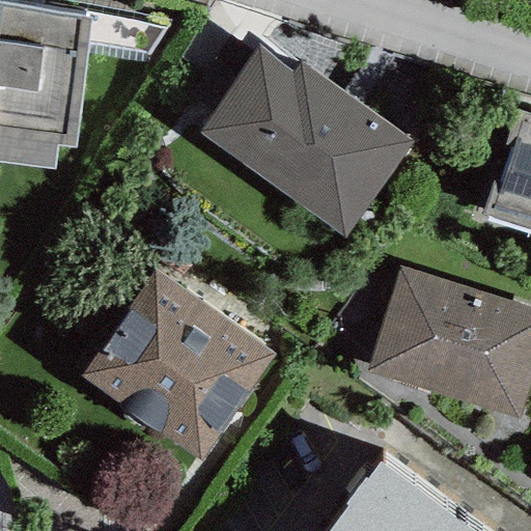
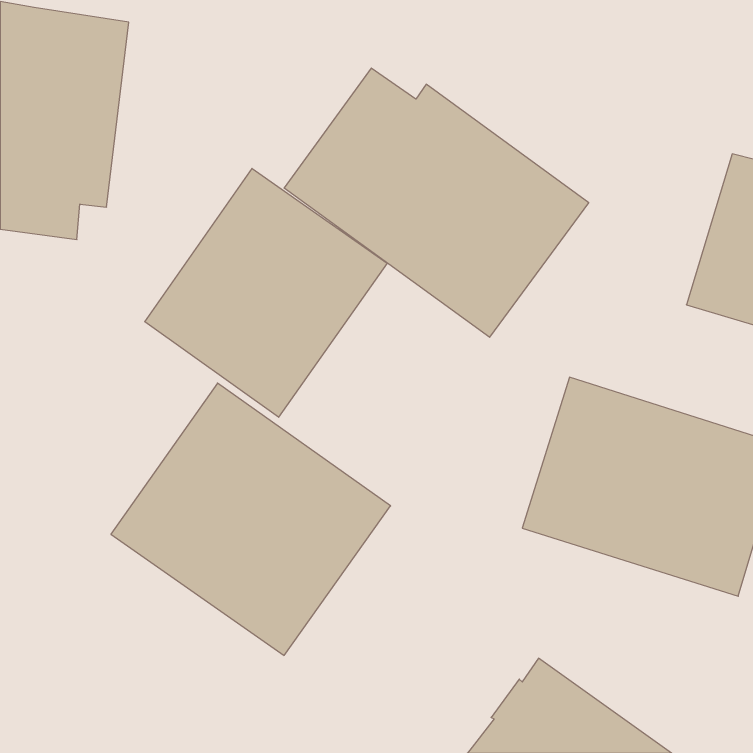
building: none -> [145,168,387,417]

